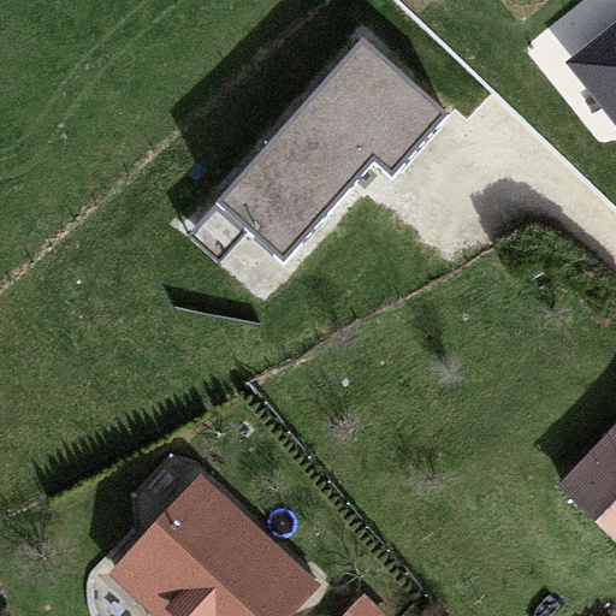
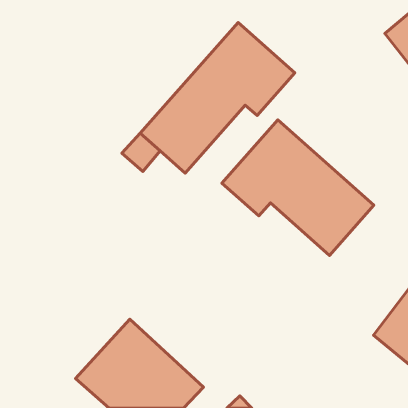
building: none -> [222,120,374,255]

